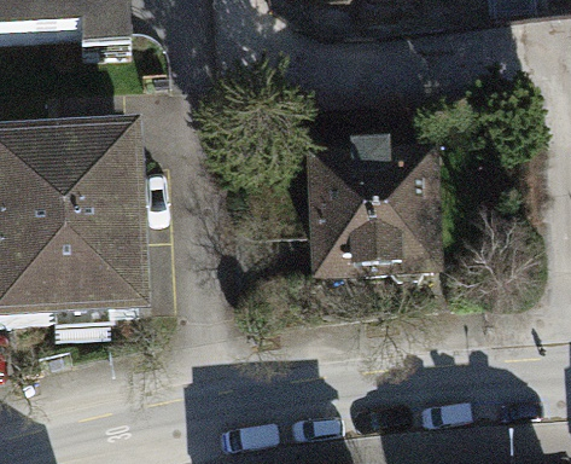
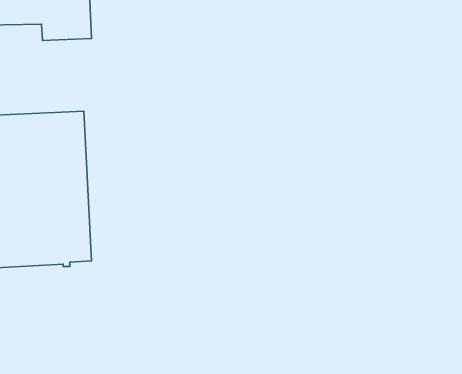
building: [316,137,431,268] -> none

